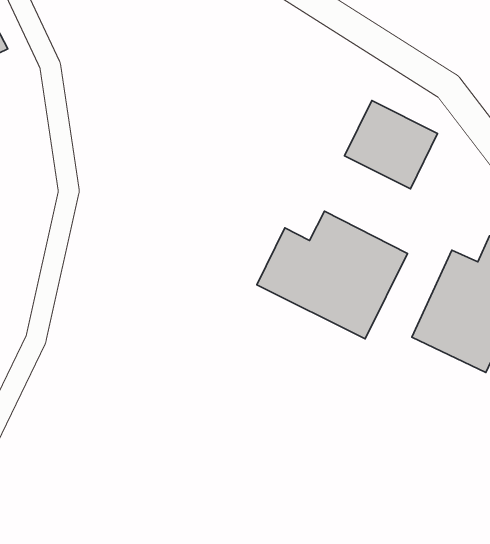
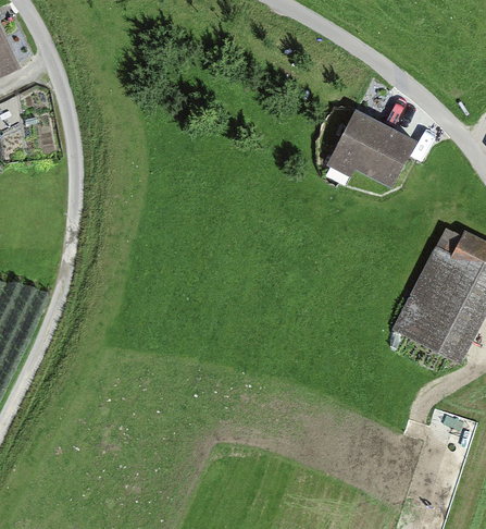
building: [257,211,407,339] -> none

